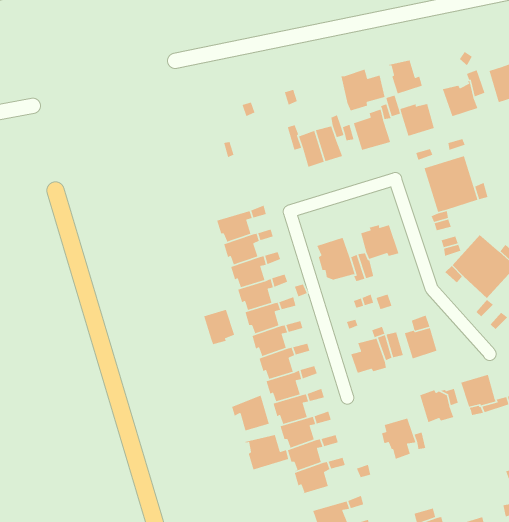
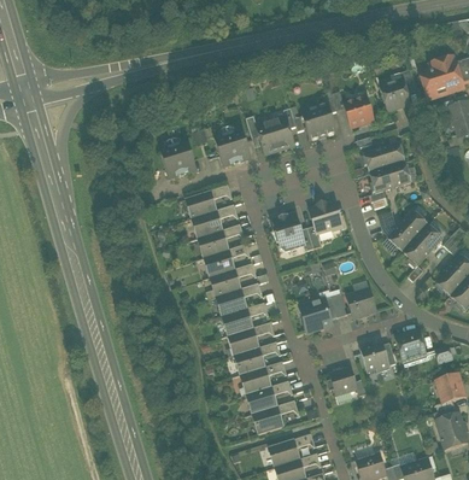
building: [388,60,423,94] -> none
building: [340,68,385,111] -> none
building: none -> [215,128,251,168]
building: none -> [160,140,197,178]
building: [203,309,235,345] -> none
building: [231,394,270,432] -> none
building: [244,434,289,470] -> none

